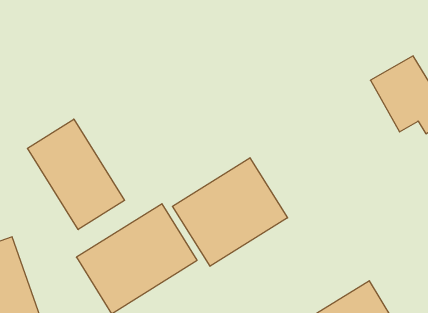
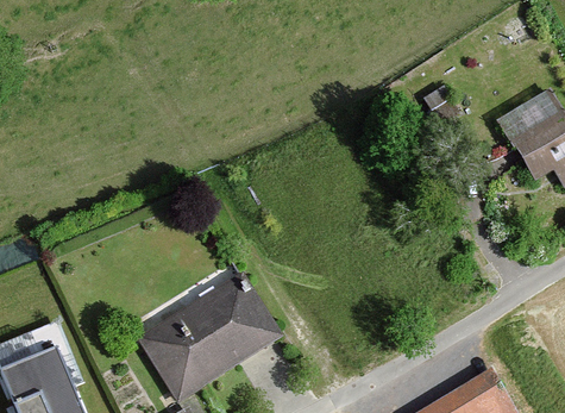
building: [27,119,125,230] -> none
building: [172,158,288,266] -> none

